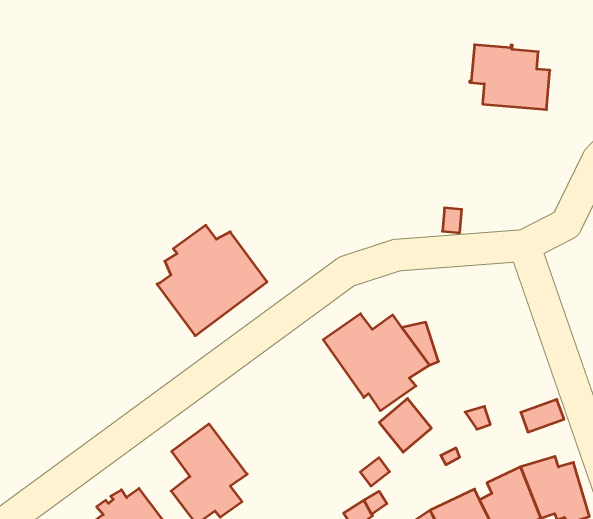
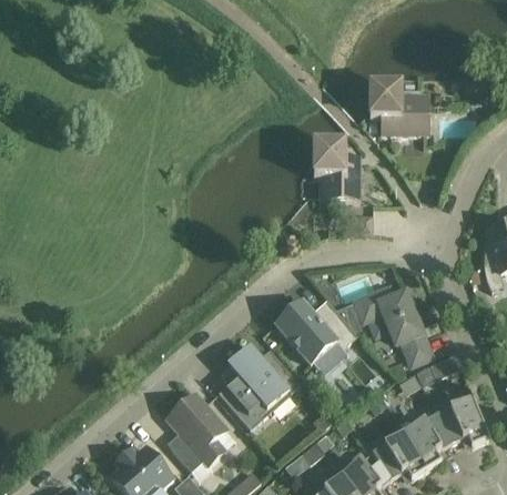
building: none -> [312,143,358,199]
building: [157,225,267,336] -> [216,344,300,428]
building: none -> [355,286,429,363]

